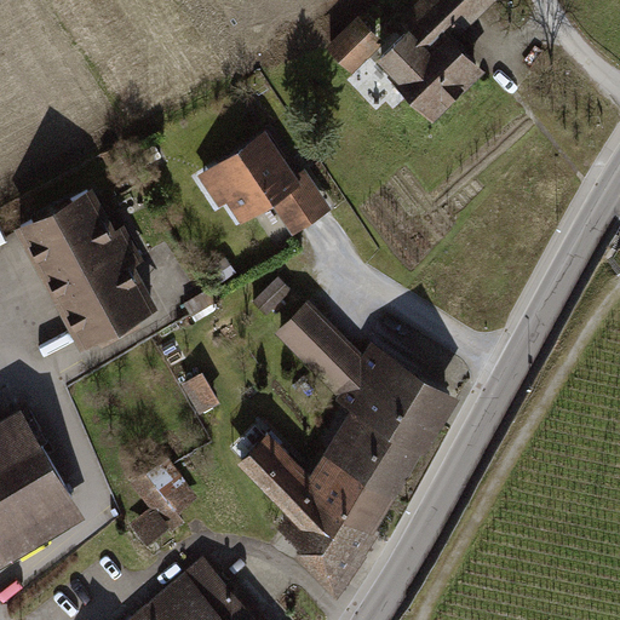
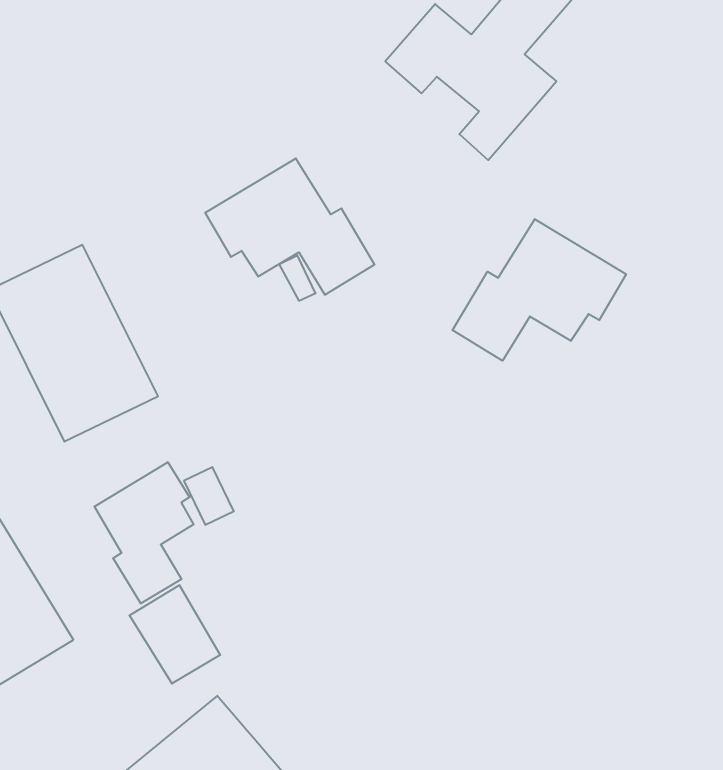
building: none -> [452,219,626,361]
building: [242,303,444,578] -> none
building: none -> [94,462,194,604]

